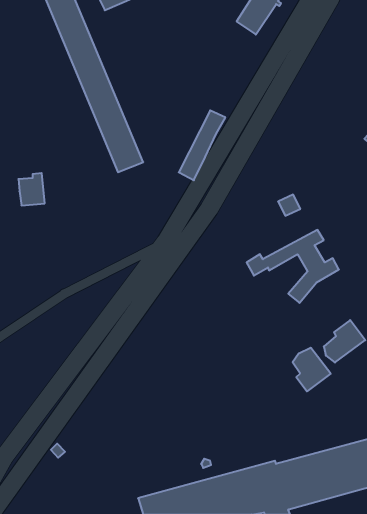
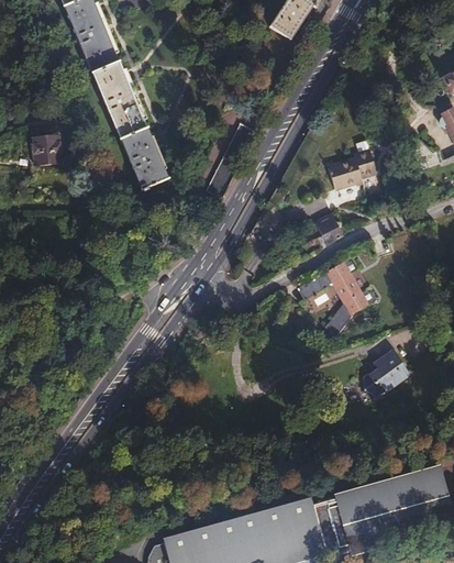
building: none -> [329,148,377,189]
building: [18,173,45,205] -> [31,129,59,164]
building: [293,348,331,391] -> none

